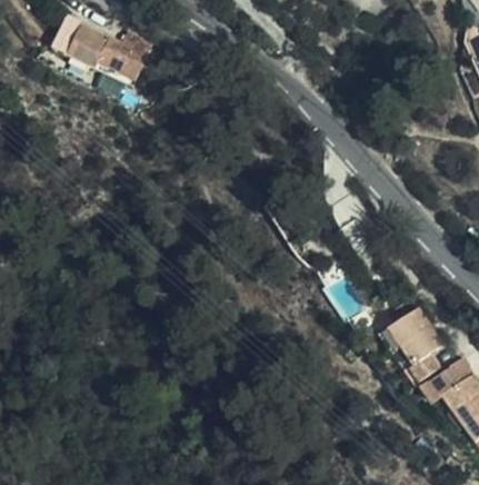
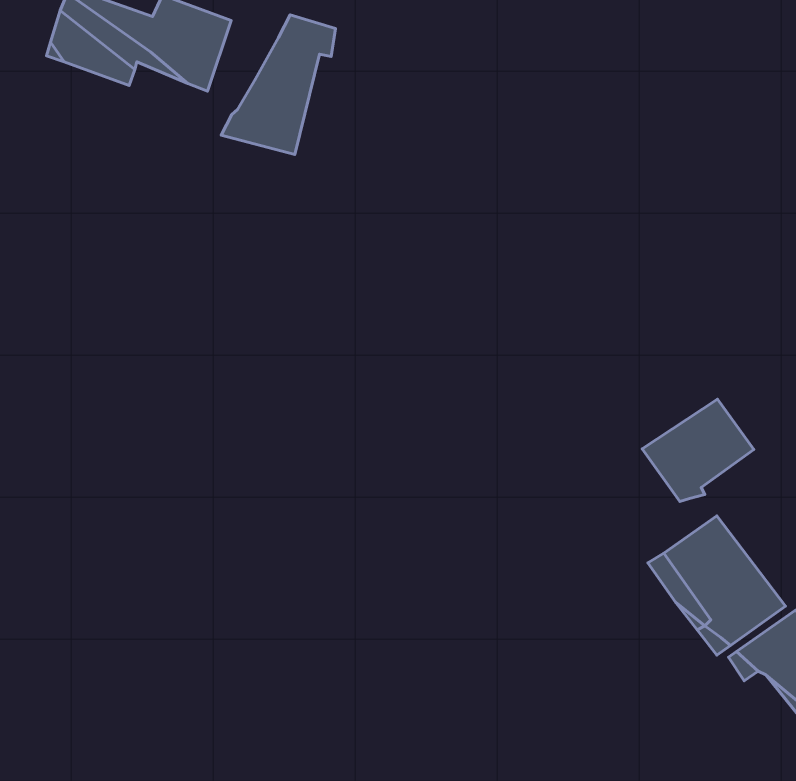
building: none -> [221,15,335,154]
building: none -> [642,399,754,502]

